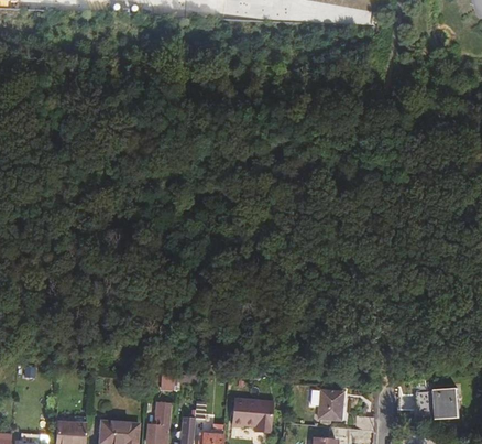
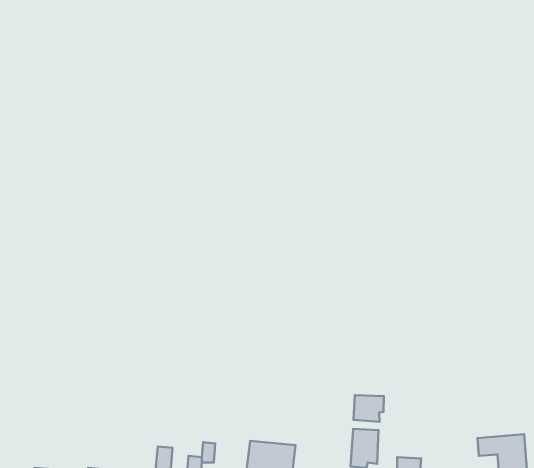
building: none -> [353,395,384,422]

